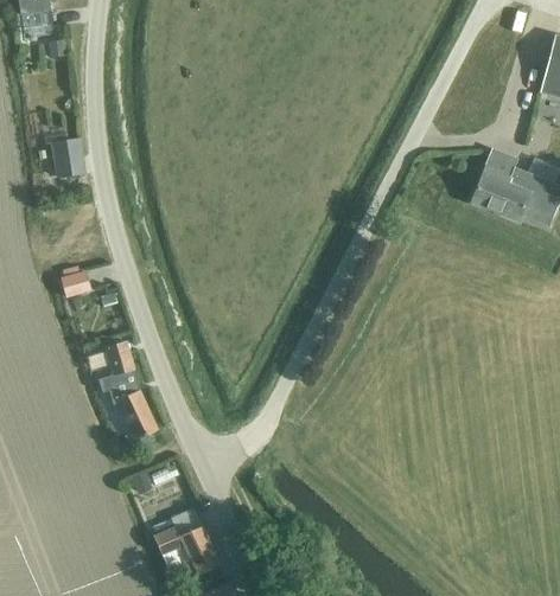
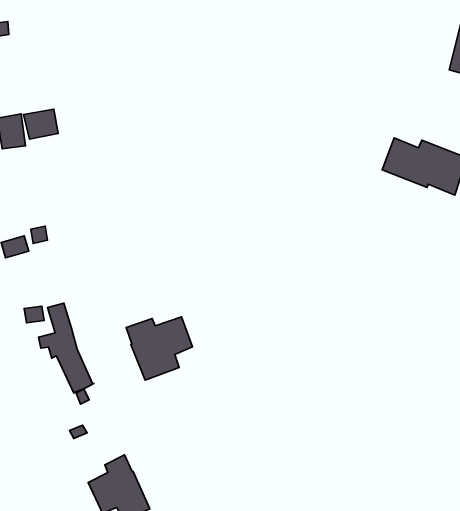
building: none -> [23,109,58,139]
building: none -> [126,317,193,380]

